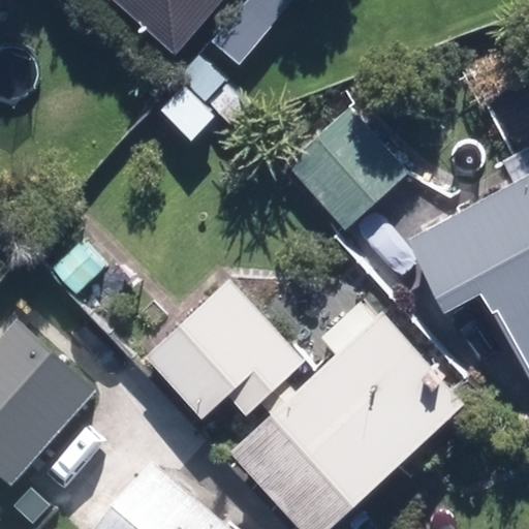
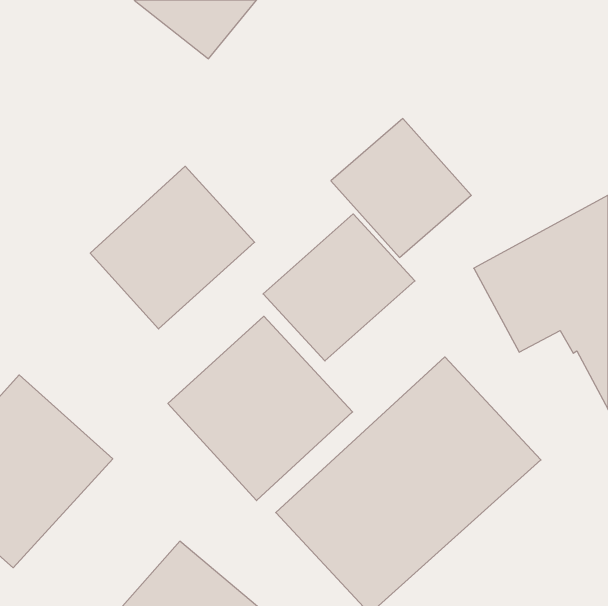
building: none -> [90,166,255,329]
building: none -> [263,214,415,361]

